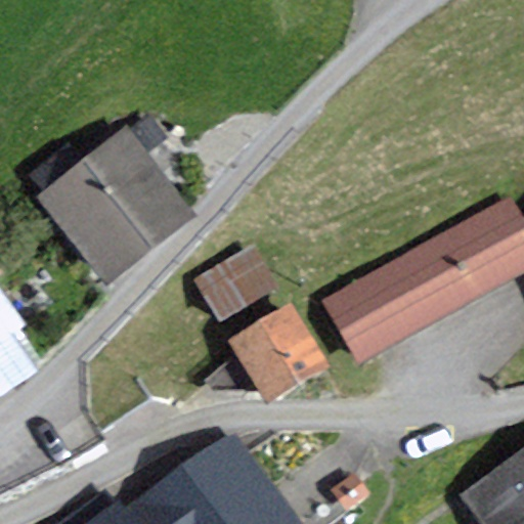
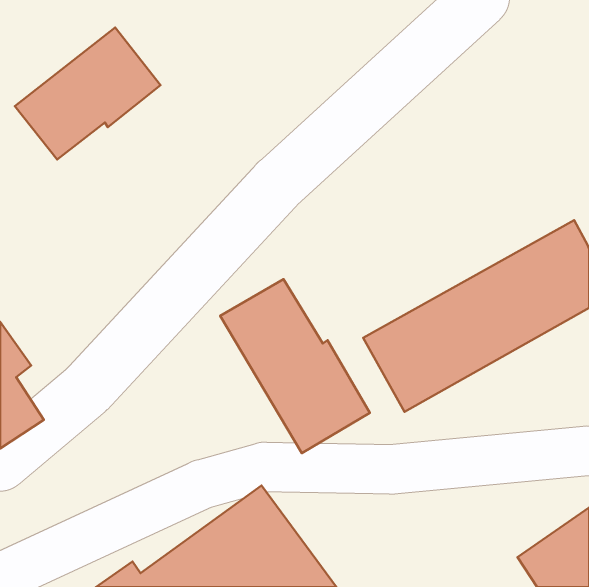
building: none -> [15,28,160,159]
building: [35,127,194,286] -> none

